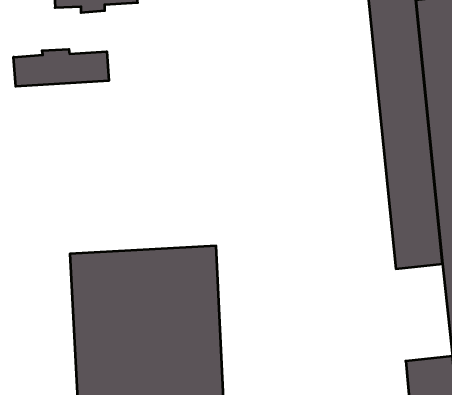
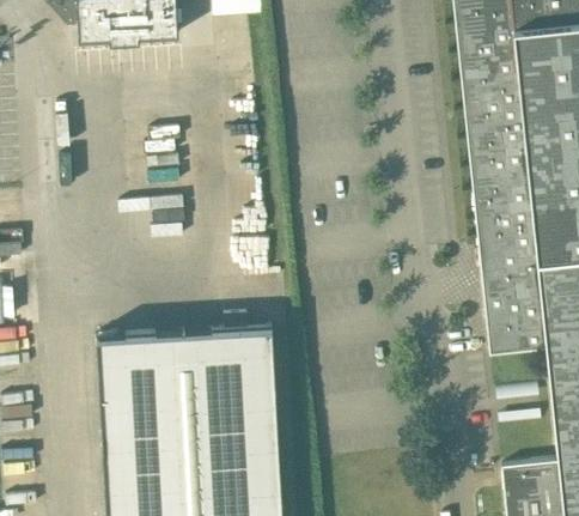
building: [14,49,109,86] -> none

